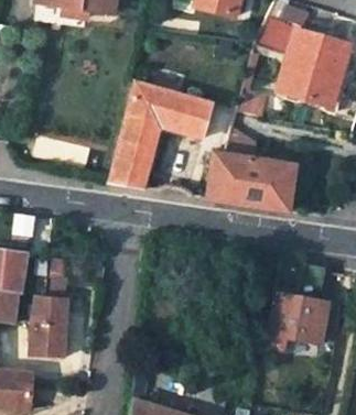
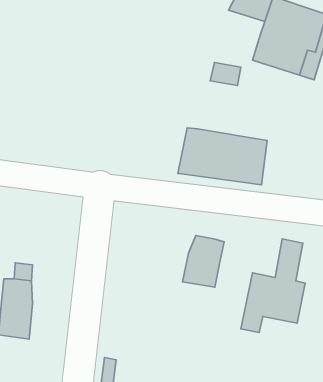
building: [110,85,208,188] -> none
building: none -> [182,236,224,287]

